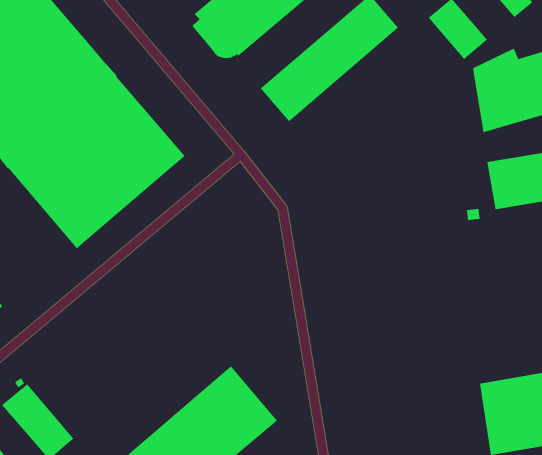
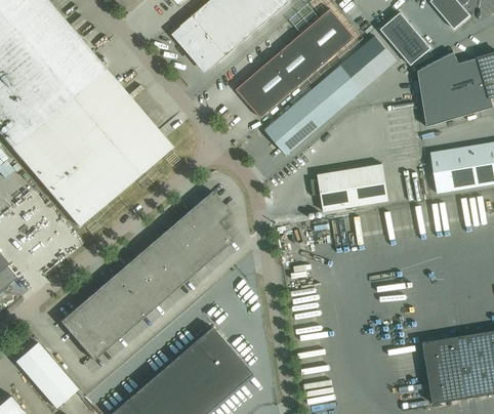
building: none -> [264,37,396,156]
building: none -> [310,164,388,212]
building: none -> [59,192,232,361]

